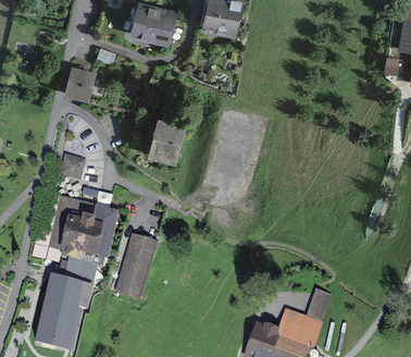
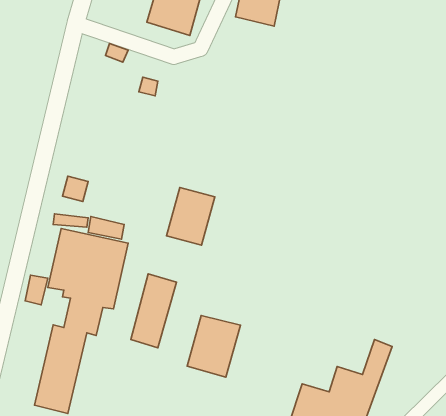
building: [65,66,96,101] -> none
building: [148,118,187,164] -> [167,188,215,245]
building: none -> [187,315,241,377]

